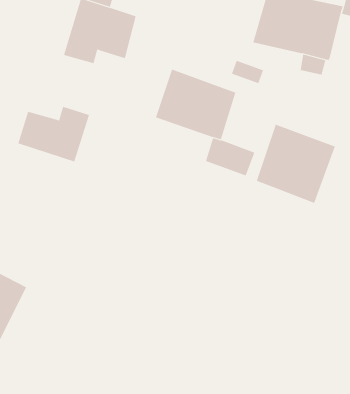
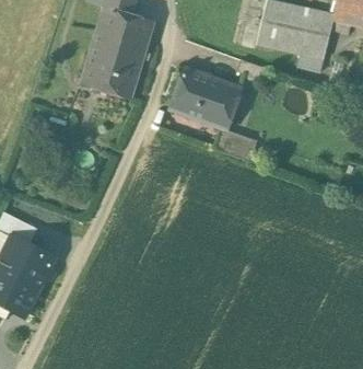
building: [17,106,90,162] -> [80,50,143,100]
building: [256,124,335,204] -> none

